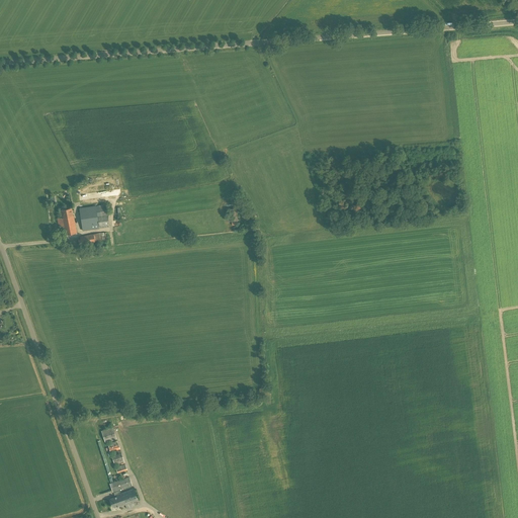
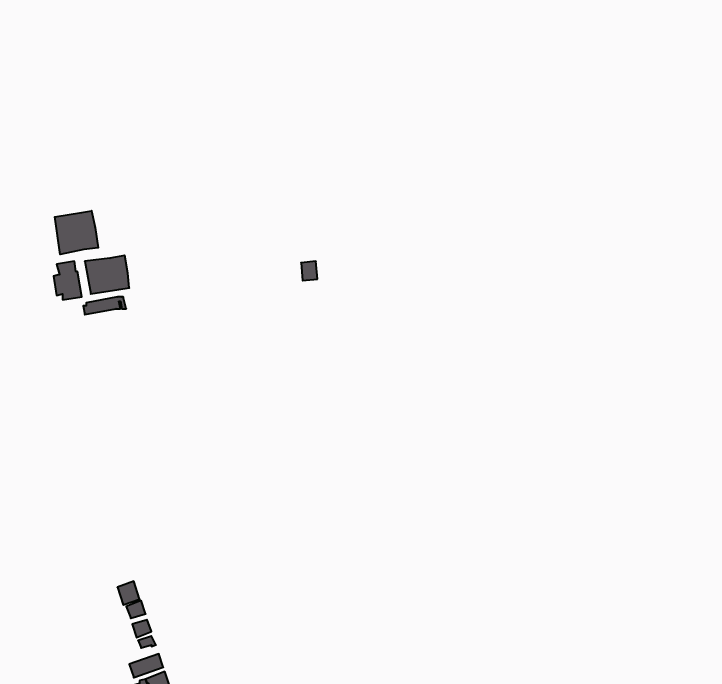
building: none -> [55,211,98,254]

